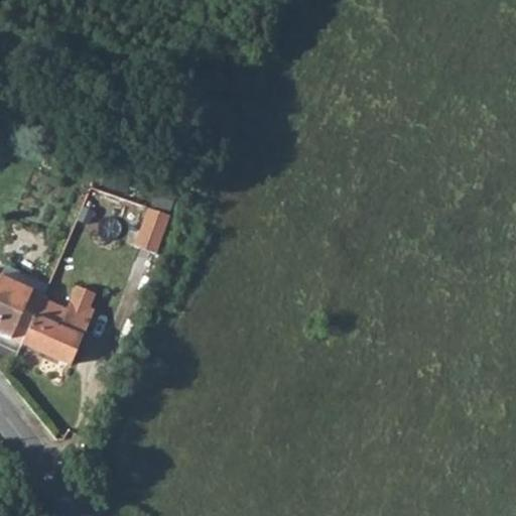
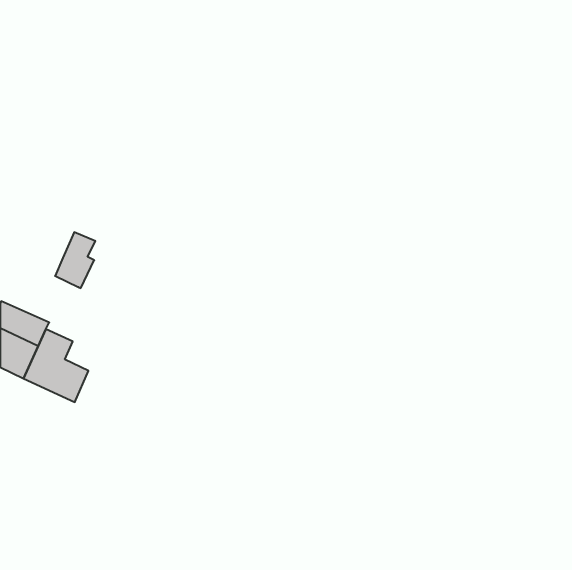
building: [134,209,171,254] -> none
building: [58,284,95,335] -> [55,232,95,288]

